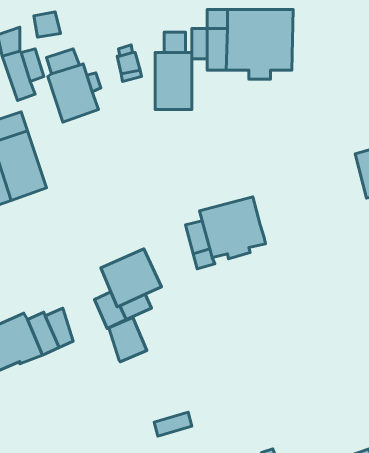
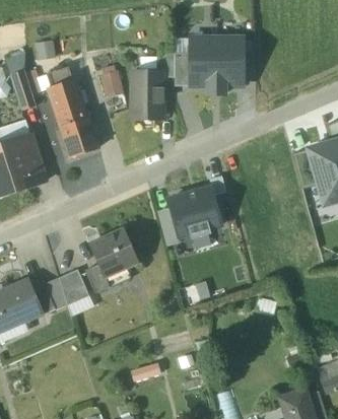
building: none -> [59,118,99,158]
building: [109,318,147,362] -> [59,269,89,304]

